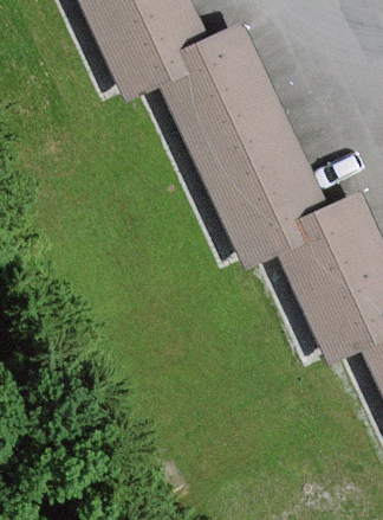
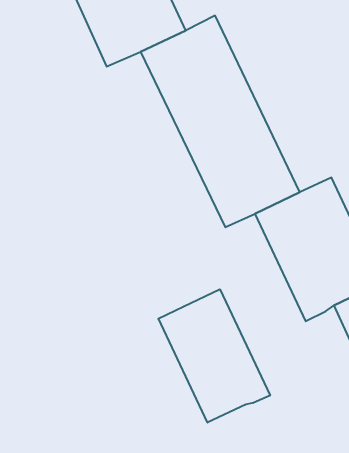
building: none -> [158,289,270,423]

